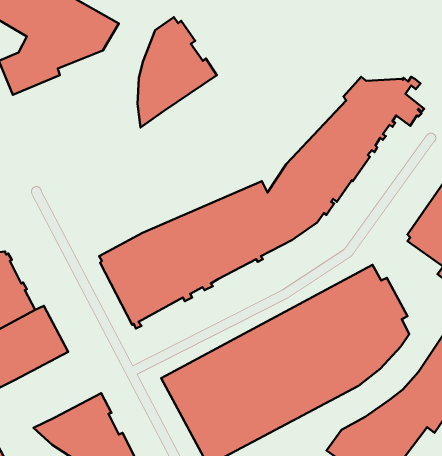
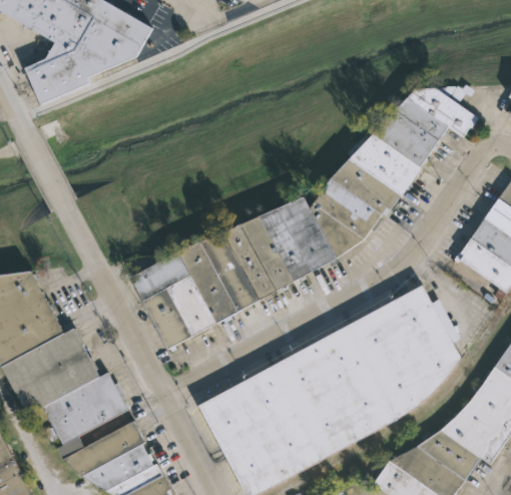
building: [137,17,217,127] -> none
building: none -> [42,373,126,458]

